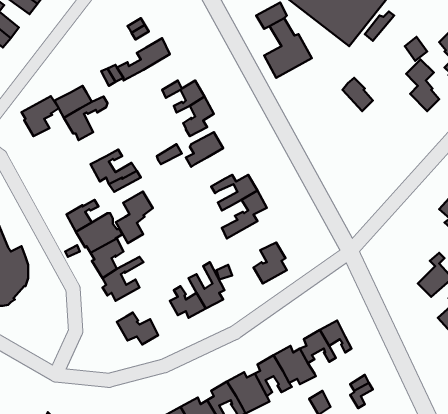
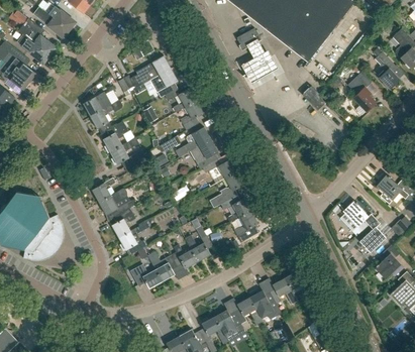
building: none -> [150,68,178,95]
building: [22,96,59,136] -> [101,121,129,151]
building: none -> [190,139,218,169]
building: [116,191,153,243] -> none
building: none -> [221,195,251,223]
building: none -> [343,201,376,227]
building: none -> [147,251,177,281]

